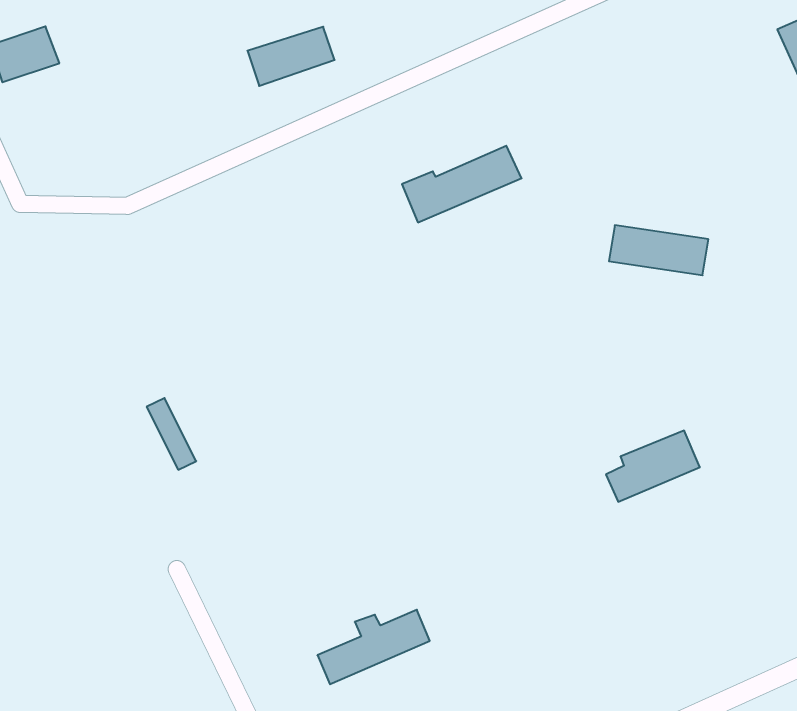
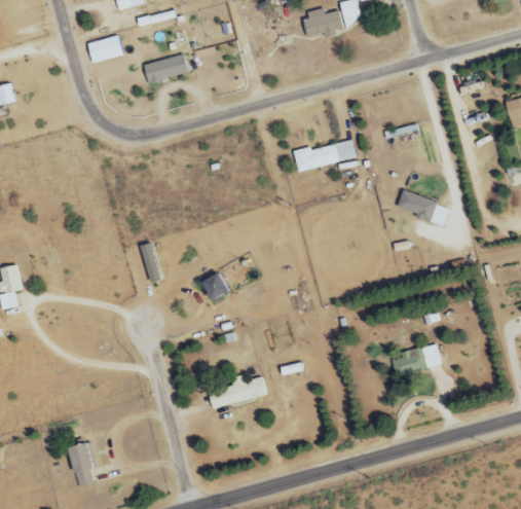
building: [247,27,335,86] -> [144,56,189,81]
building: none -> [198,270,227,300]
building: [606,431,700,502] -> [392,343,442,375]

